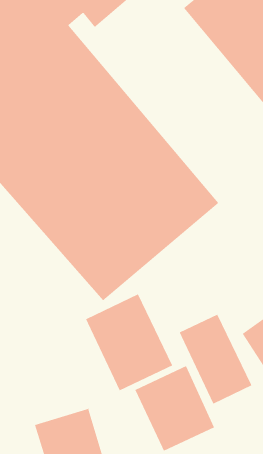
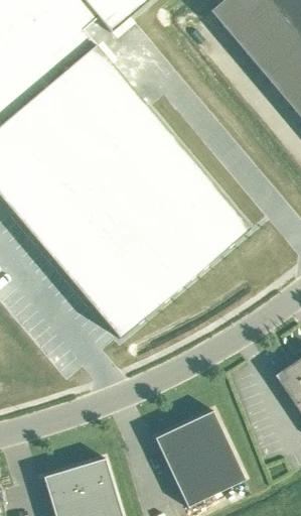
building: [85,294,173,391] -> none
building: [178,314,253,404] -> none

